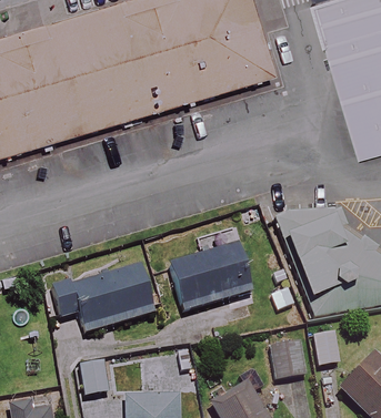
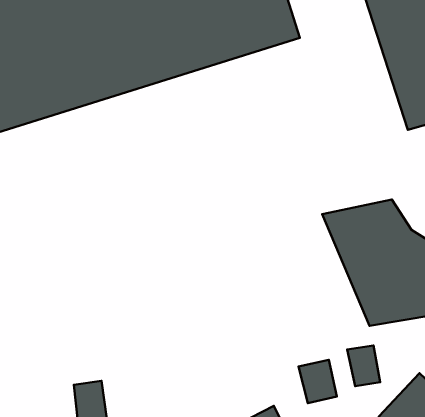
building: [169,230,253,314] -> none
building: [47,267,154,334] -> none

